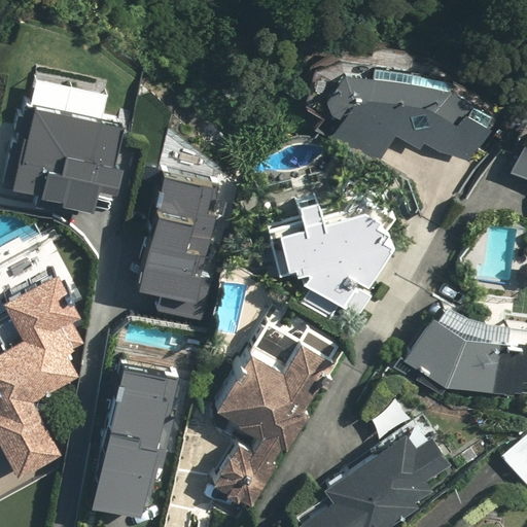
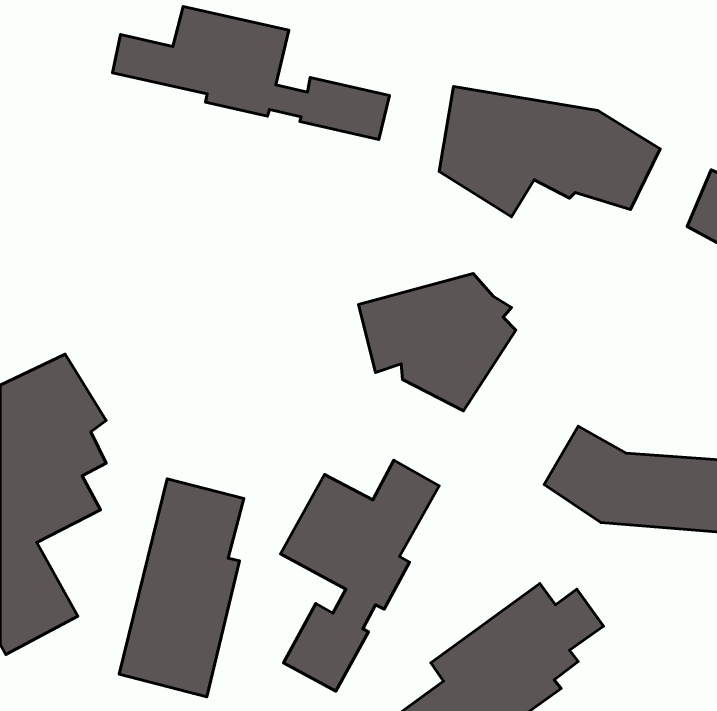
building: none -> [112,7,389,139]
building: [14,96,127,200] -> none
building: [144,168,226,324] -> none

